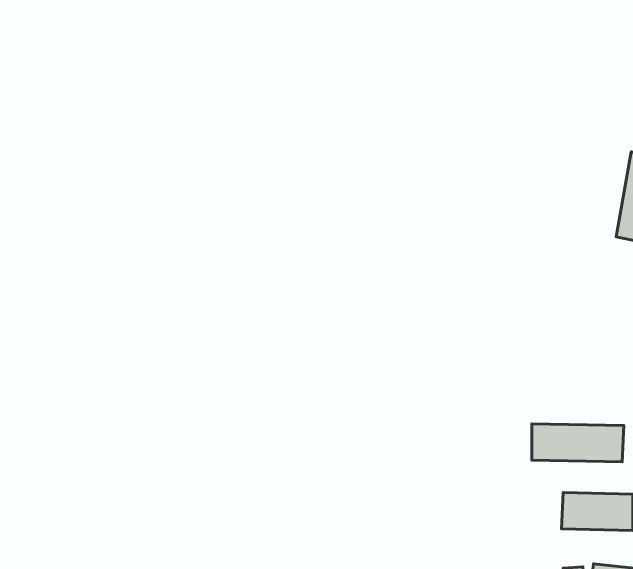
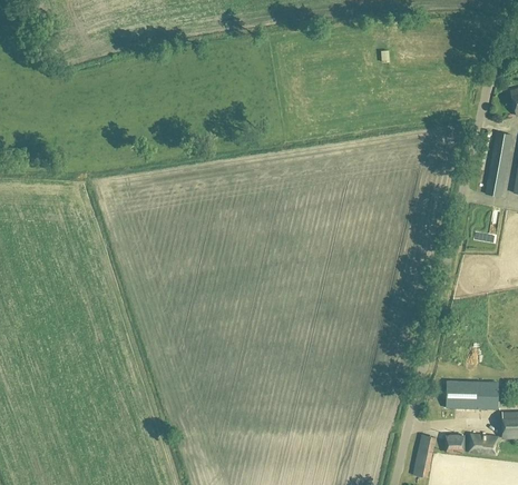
building: [532,424,624,462] -> none

